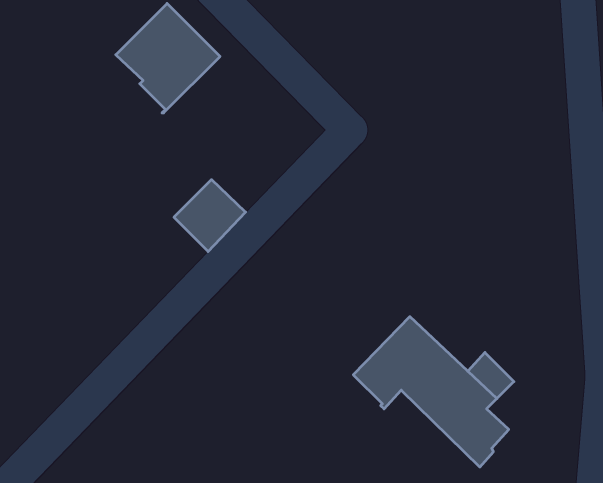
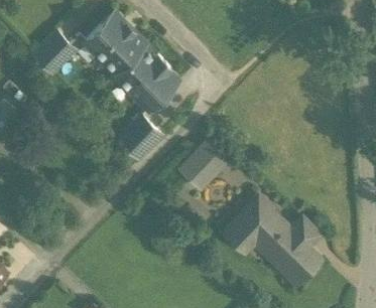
building: none -> [34,34,71,70]
building: none -> [113,46,178,113]
building: none -> [180,141,230,183]

